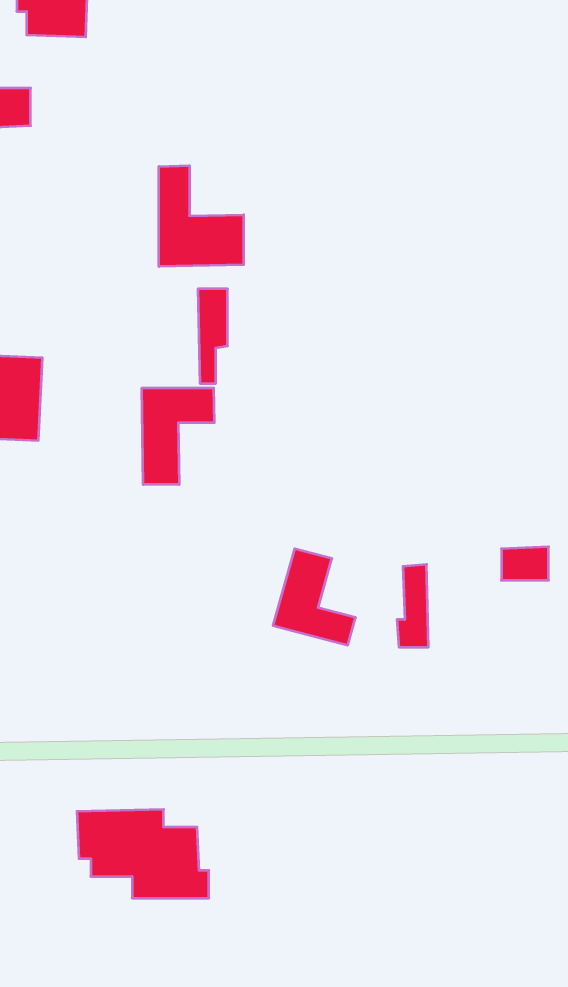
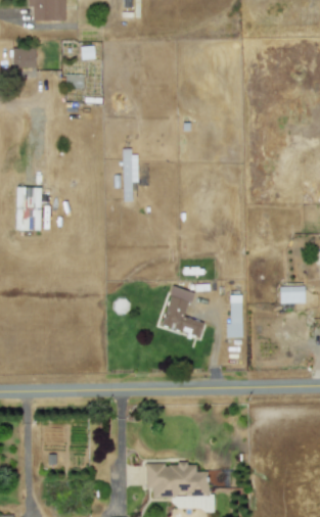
building: [159,166,244,267] -> none
building: [142,388,214,485] -> none
building: [77,809,209,898] -> [146,463,215,509]

